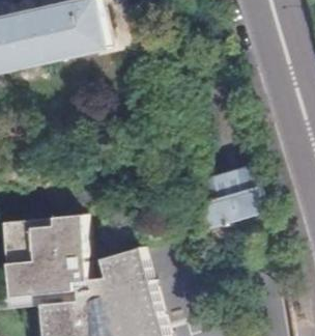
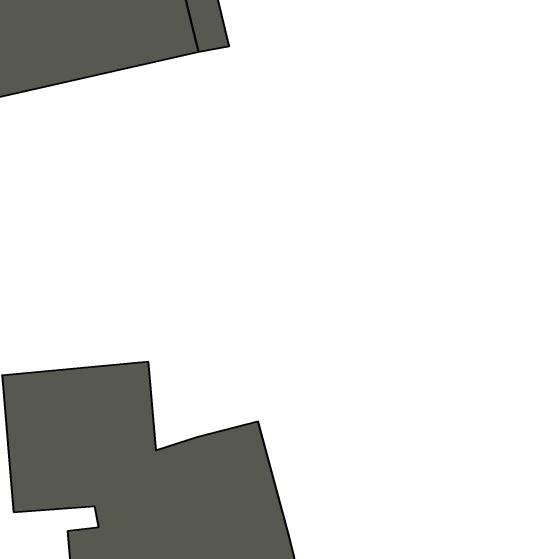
building: [193,168,265,230] -> none

